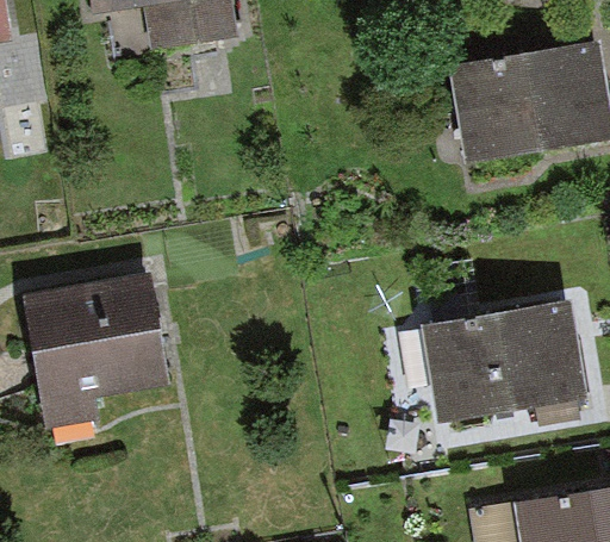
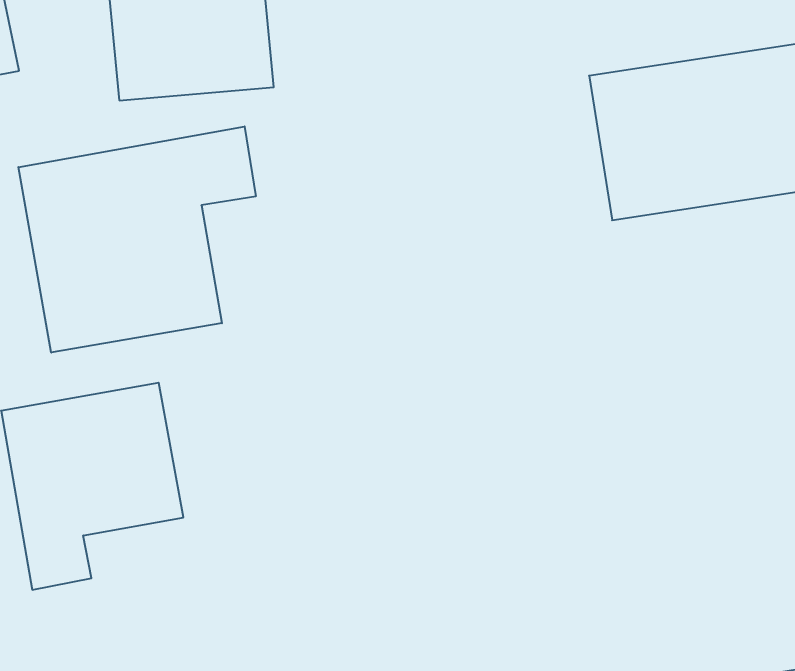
building: none -> [18,126,256,353]
building: [427,310,579,420] -> none

